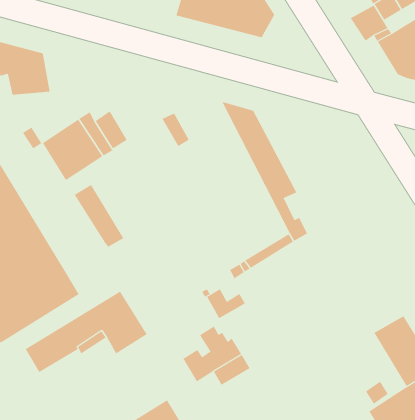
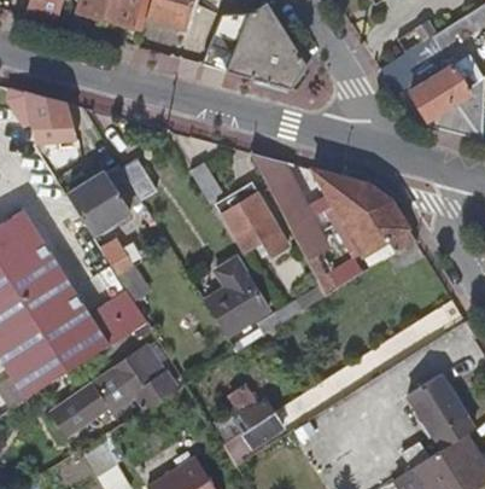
building: none -> [314,169,415,257]
building: none -> [218,184,290,257]
building: none -> [203,262,265,337]
building: none -> [93,298,147,351]

